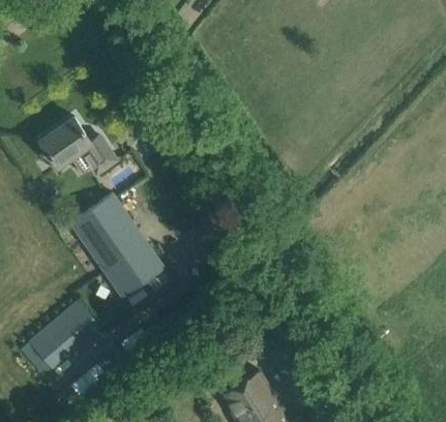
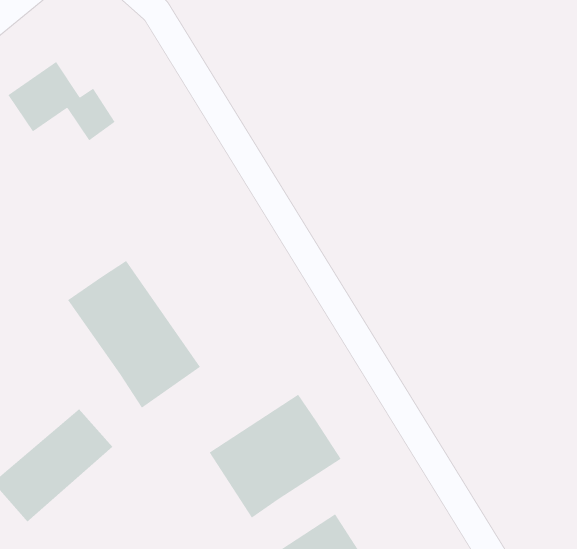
building: [40,119,116,175] -> [7,61,116,141]
building: none -> [209,394,342,519]

